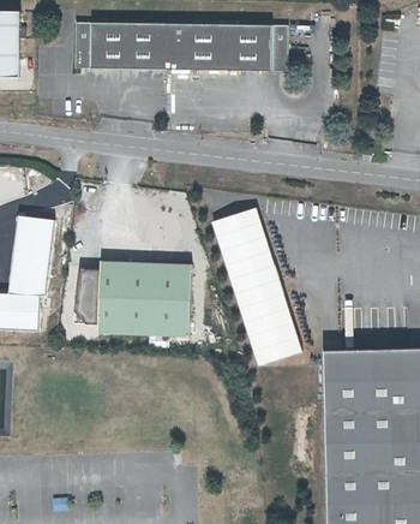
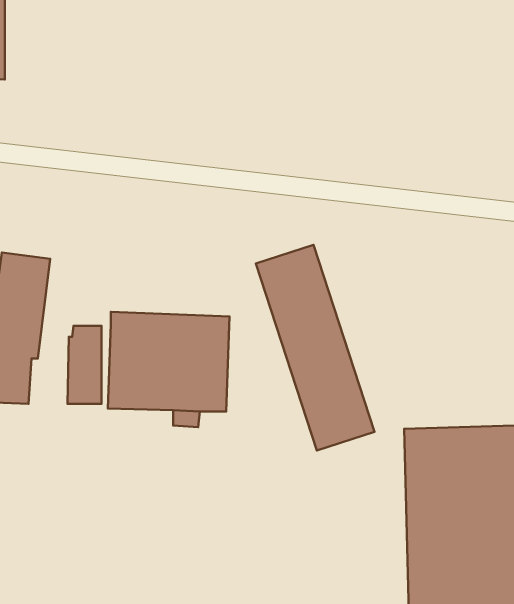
building: [72,22,284,72] -> none

